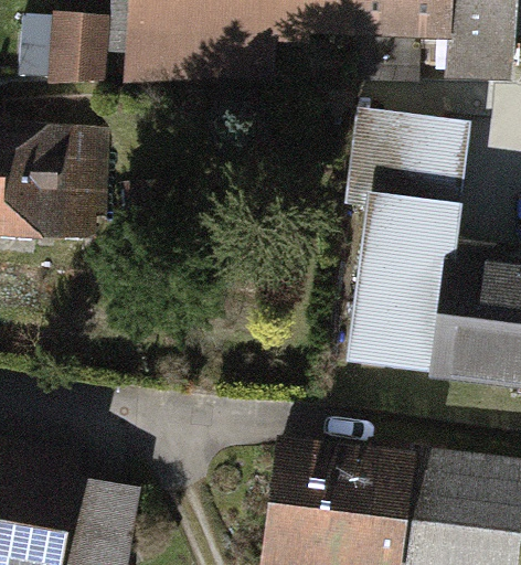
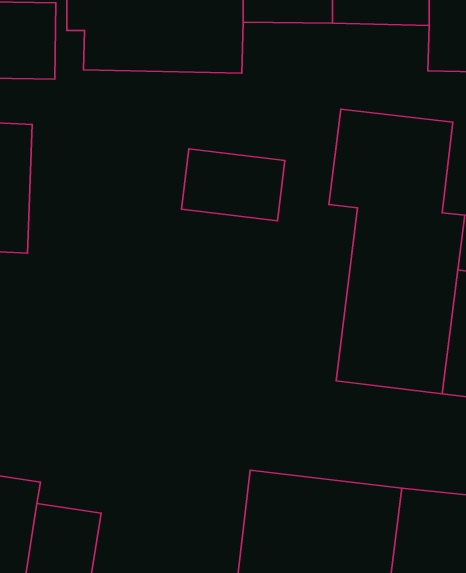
building: none -> [182,149,285,221]

